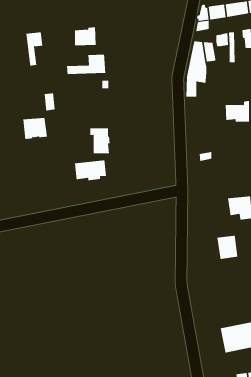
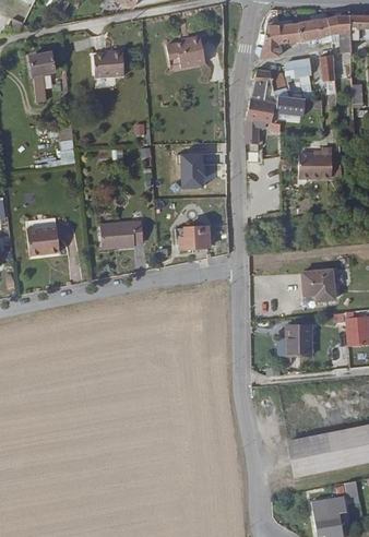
building: none -> [171,36,212,67]
building: [67,54,106,75] -> none
building: none -> [273,95,301,114]
building: [23,118,48,139] -> [29,232,62,261]
building: [90,128,111,154] -> [175,156,202,190]
building: none -> [178,229,211,259]

